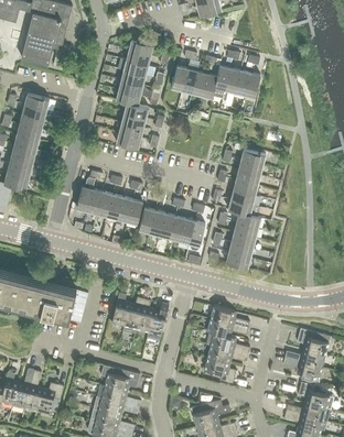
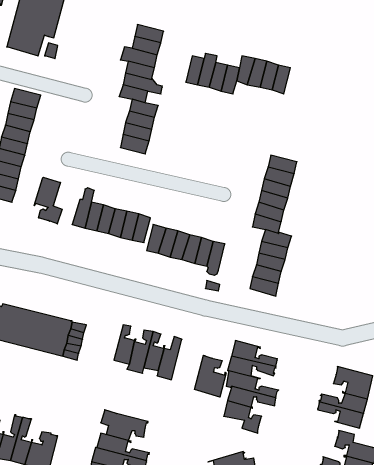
building: none -> [34,177,62,224]
building: none -> [194,355,226,397]

